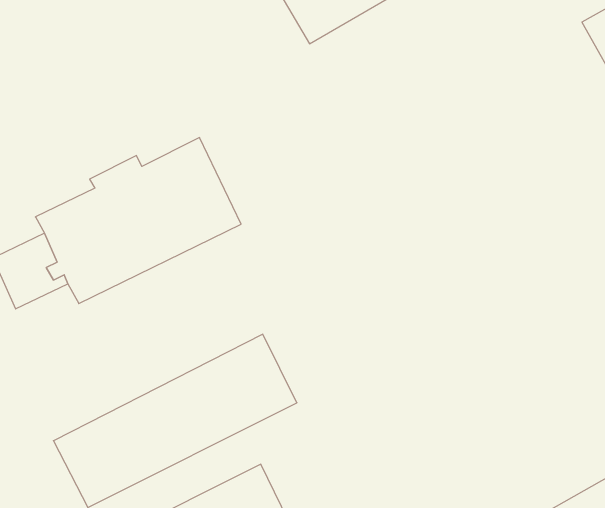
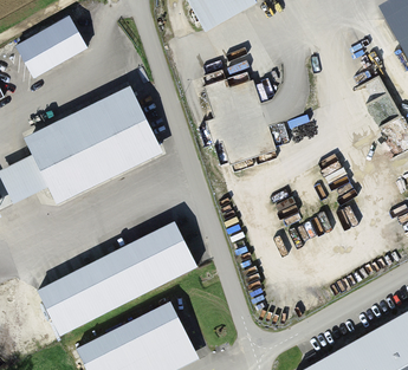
building: none -> [14,17,88,79]

